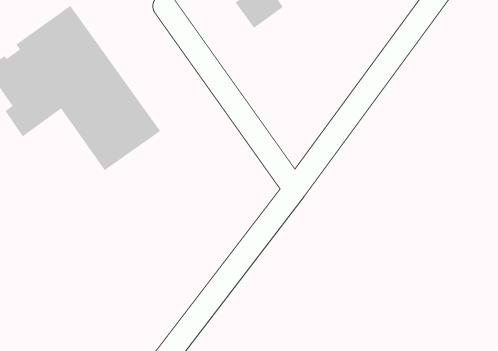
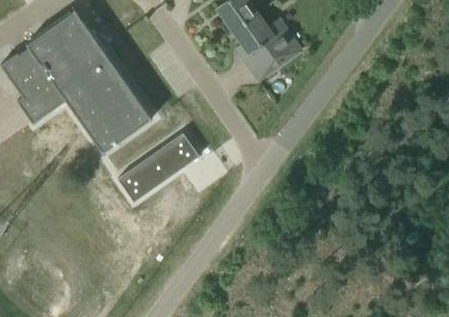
building: none -> [233,11,302,80]
building: none -> [117,130,200,200]

